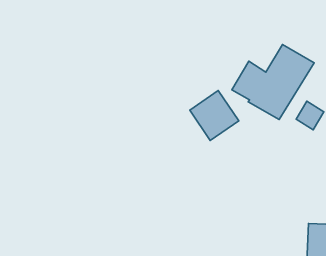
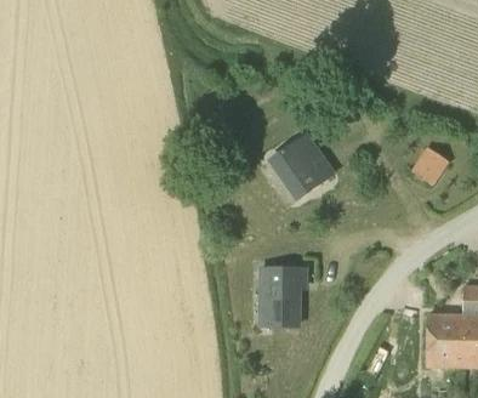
building: [232,45,314,120] -> none
building: none -> [257,266,301,328]

